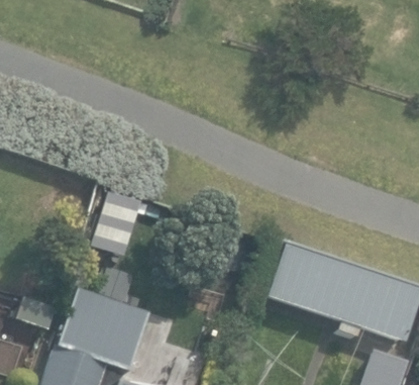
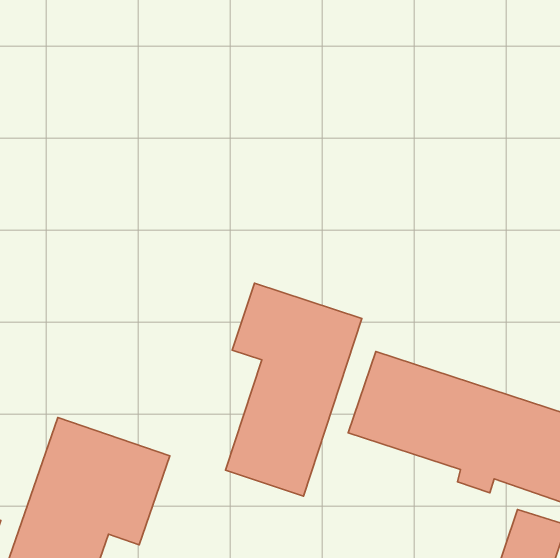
building: none -> [226,283,362,496]

